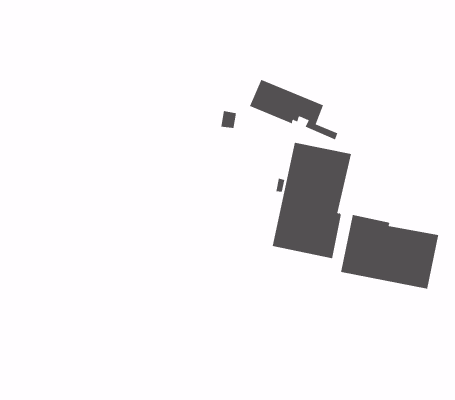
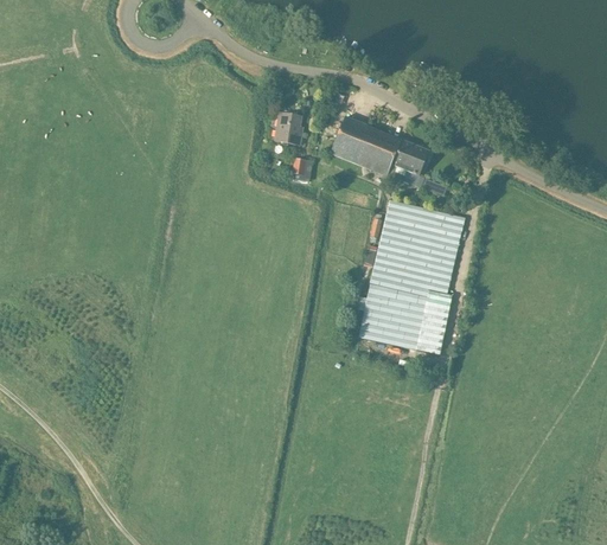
building: none -> [273,111,300,143]
building: [341,214,439,290] -> none

